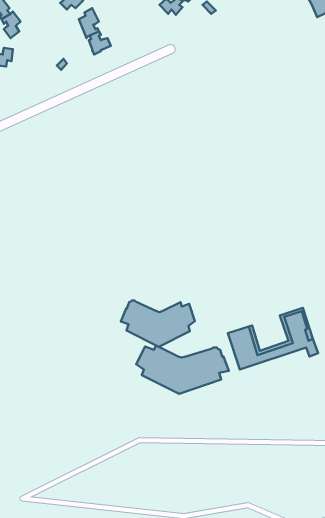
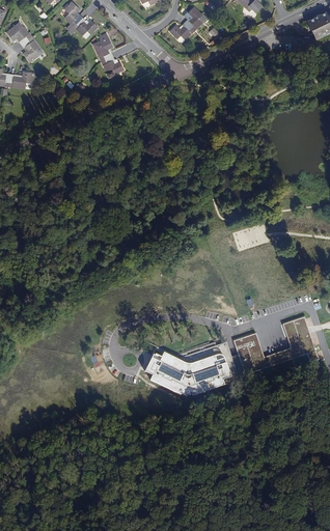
building: [121,300,195,347] -> none

